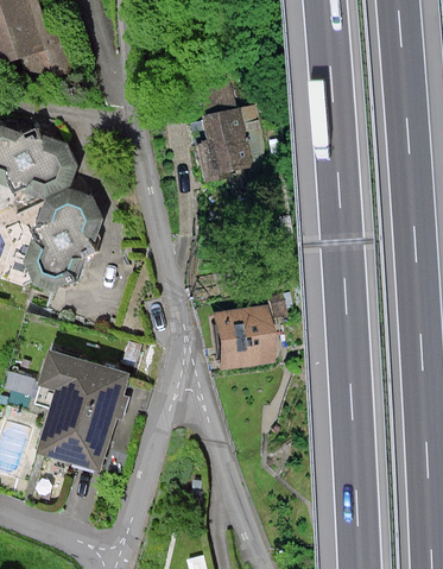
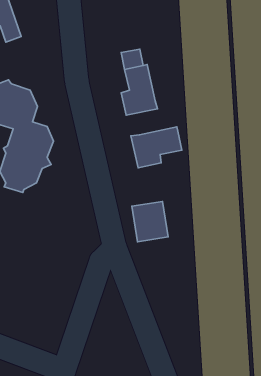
building: none -> [131,127,182,168]
building: [36,350,127,470] -> none

